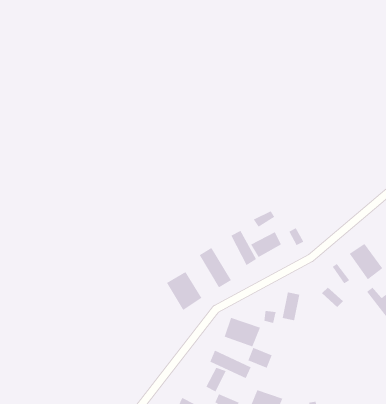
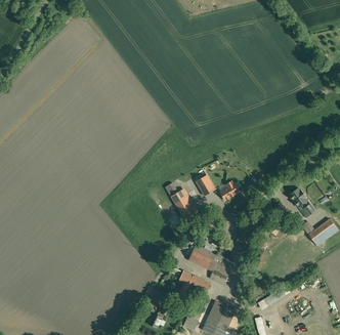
building: [166,271,202,311] -> none

